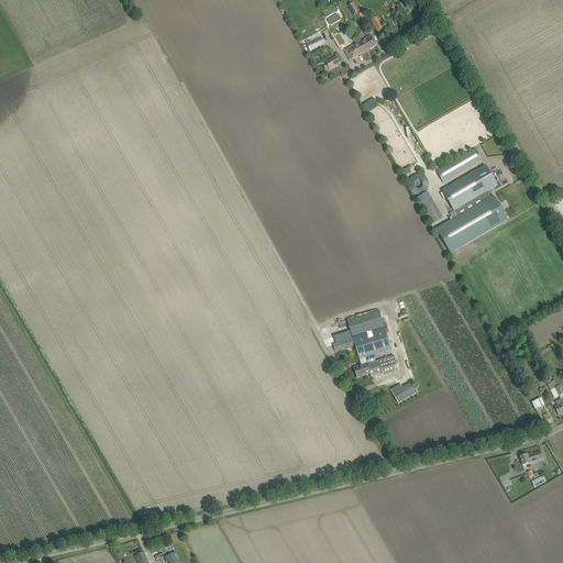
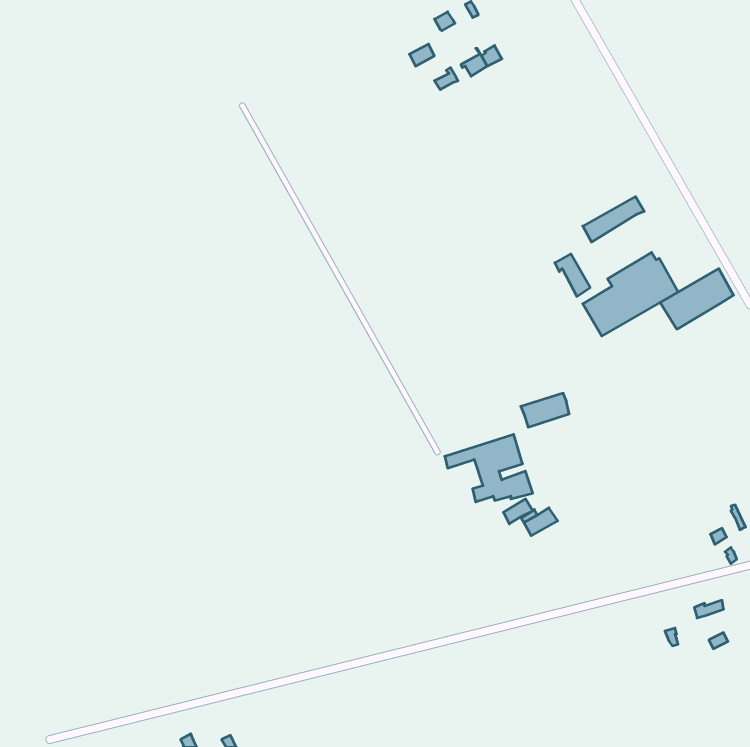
building: [442,164,497,209] -> [660,269,734,329]
building: [347,309,384,334] -> [521,393,569,427]

